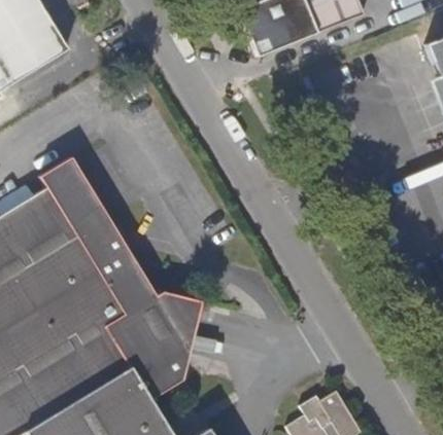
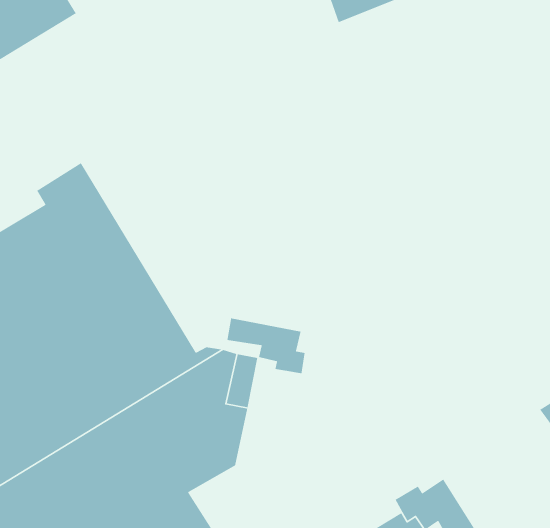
building: none -> [226,318,306,374]

